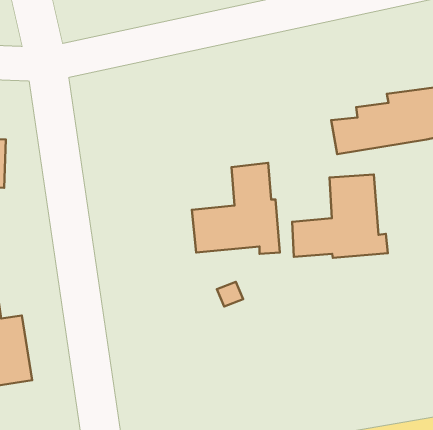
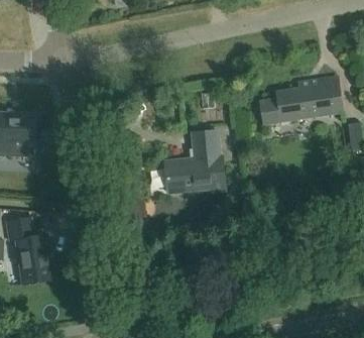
building: [292,175,388,258] -> none

